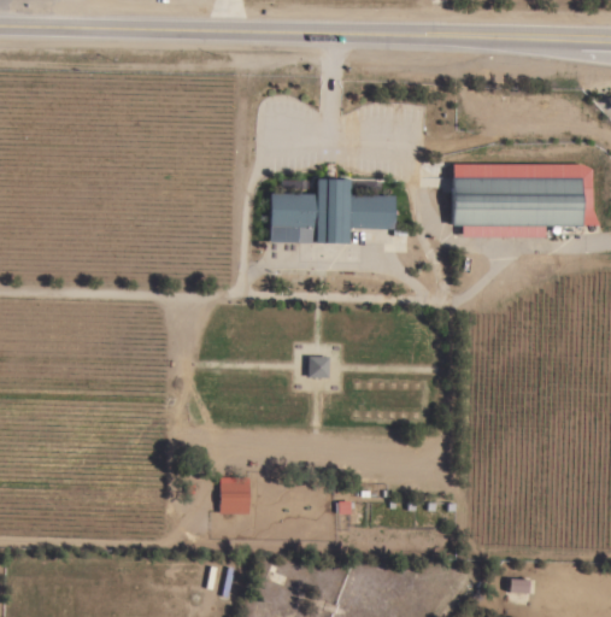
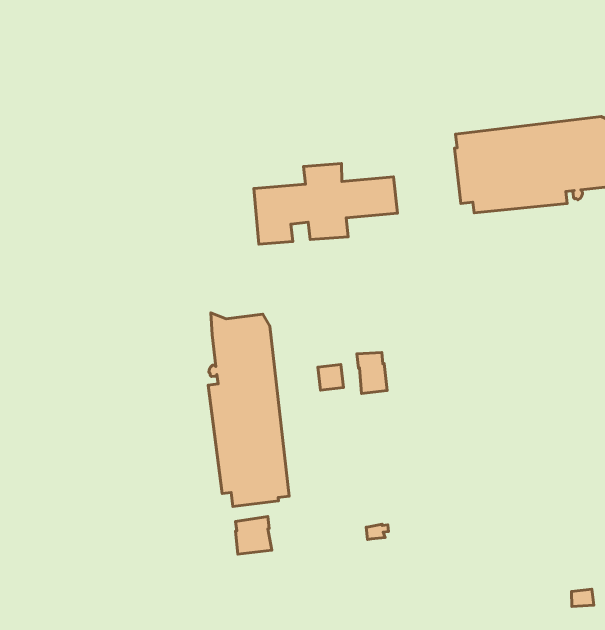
building: none -> [208,313,289,507]
building: none -> [357,353,387,393]

